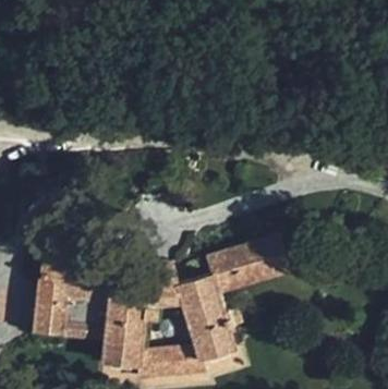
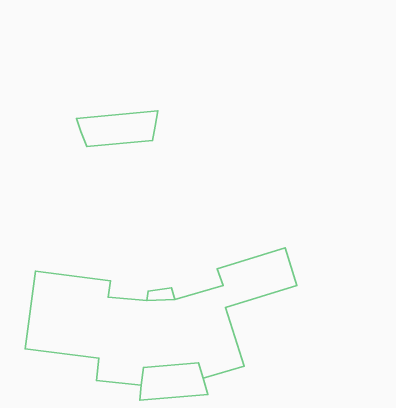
building: none -> [76,111,158,147]

